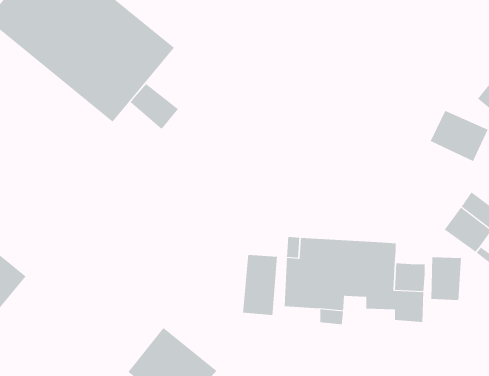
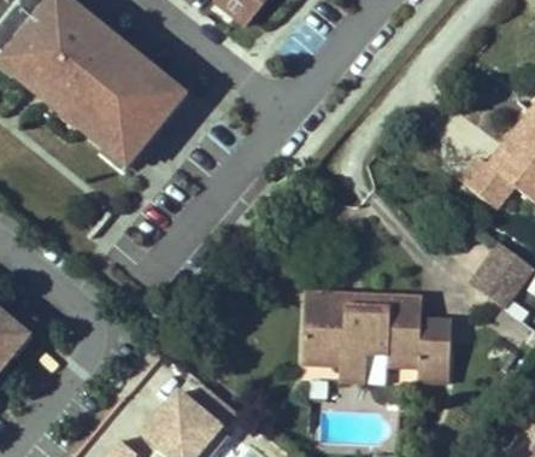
building: [130,83,179,130] -> none
building: [242,254,278,316] -> none
building: [431,256,461,301] -> none

